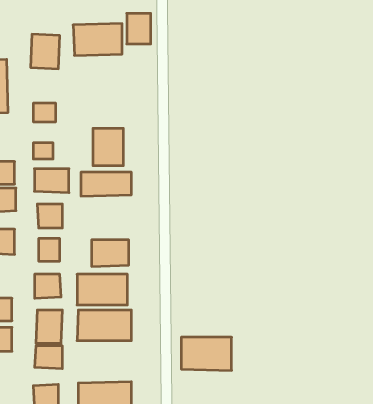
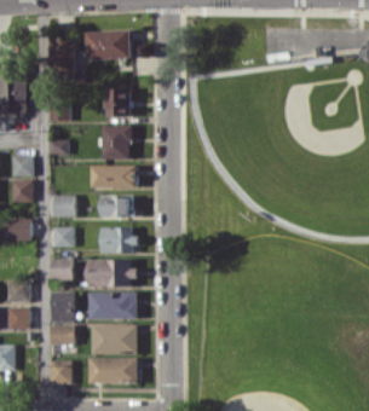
building: [127,13,151,44] -> [106,88,128,116]
building: [34,169,69,193] -> [100,195,132,216]
building: [181,337,232,370] -> [91,324,137,354]

